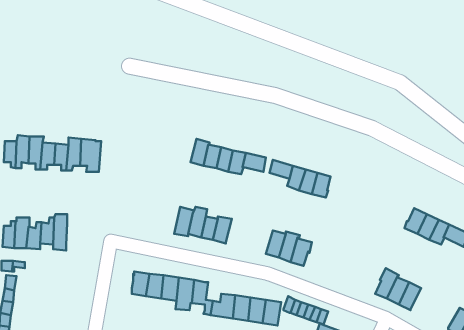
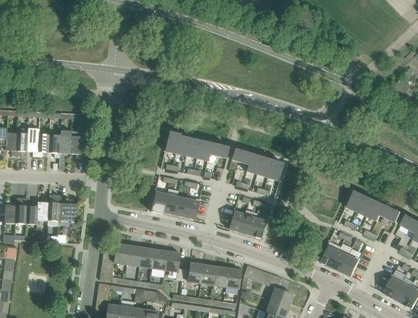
building: none -> [57,198,77,223]

